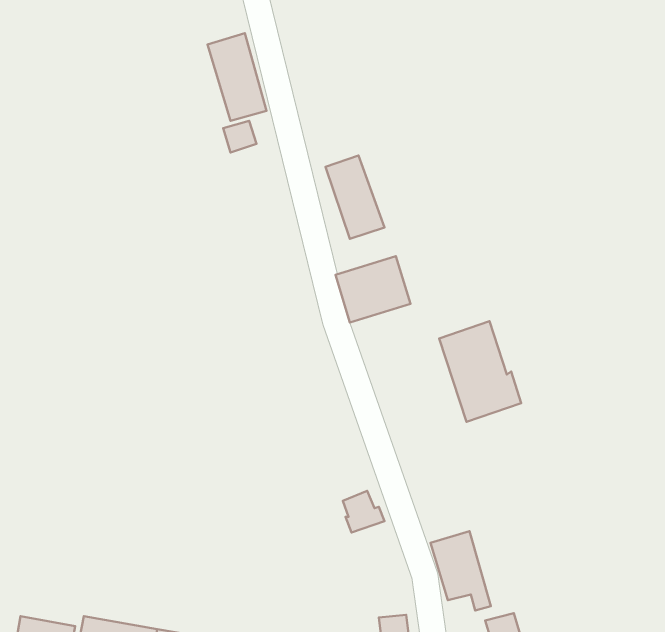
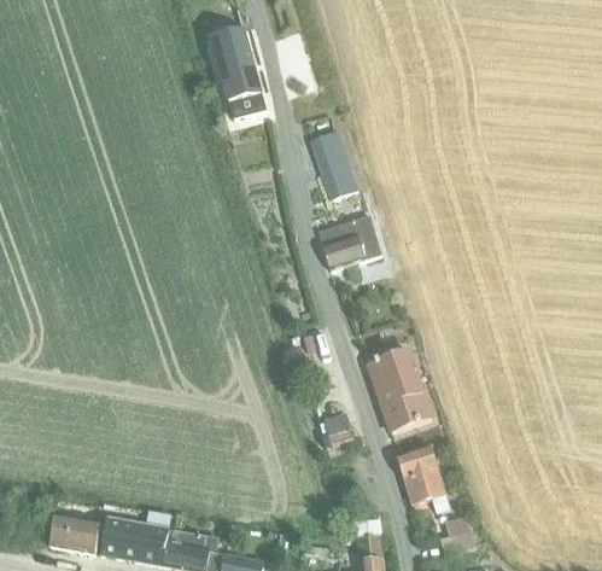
building: [439,321,521,422] -> [367,348,436,432]

